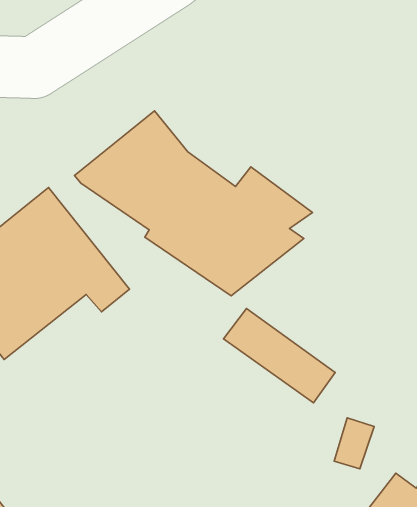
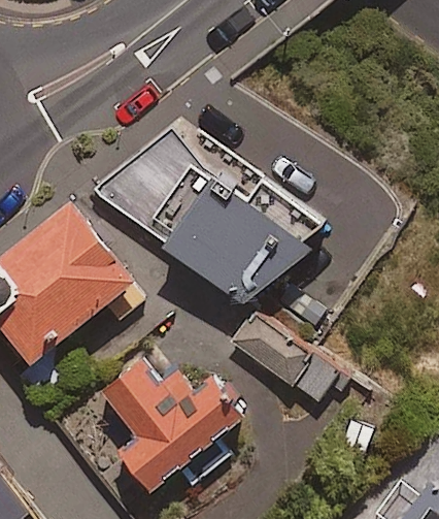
building: none -> [101,358,237,493]

